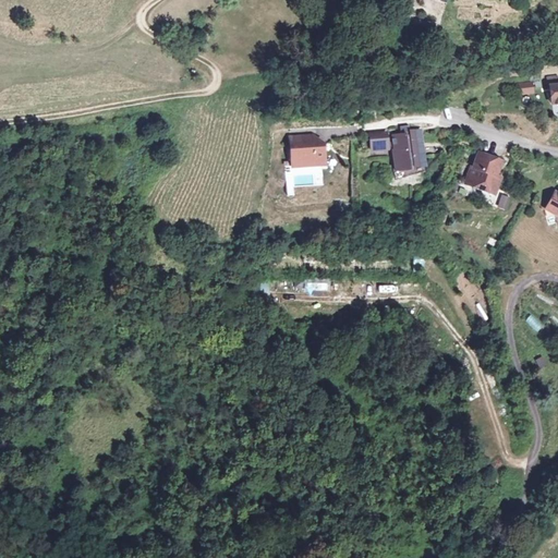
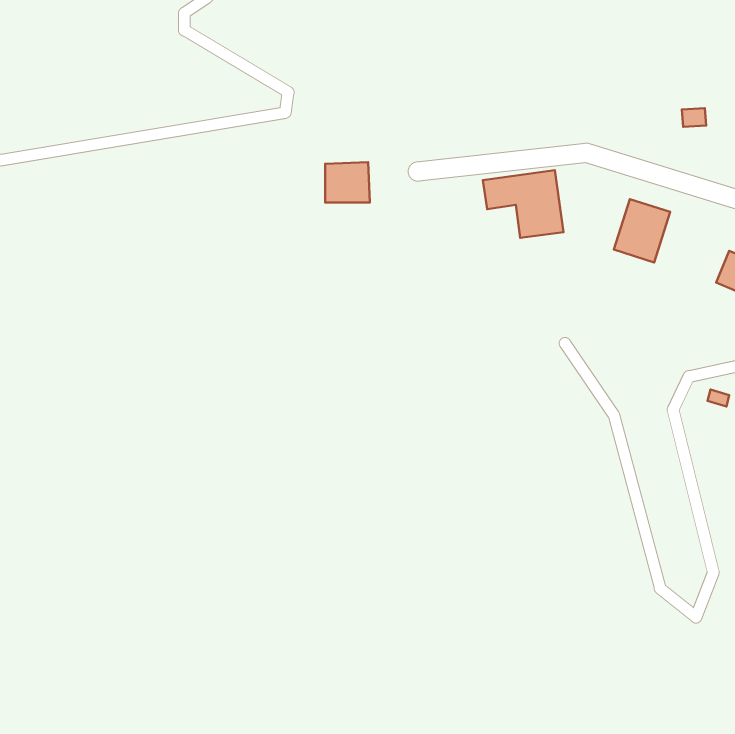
building: [292,132,326,162] -> [325,162,370,203]

